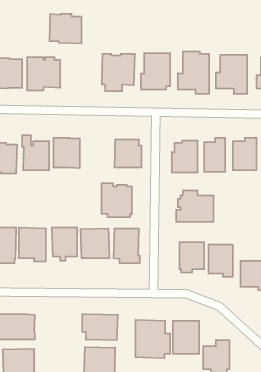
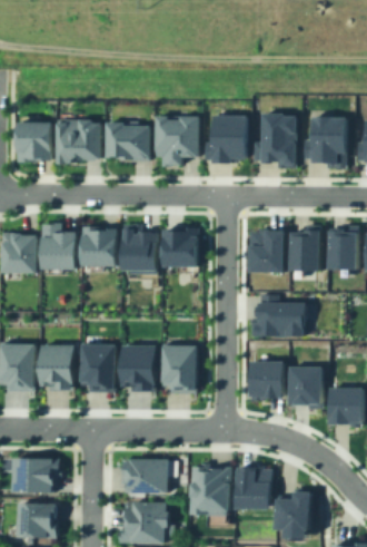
building: [49,14,82,44] -> [99,121,141,160]
building: [101,183,132,217] -> [121,229,161,274]

